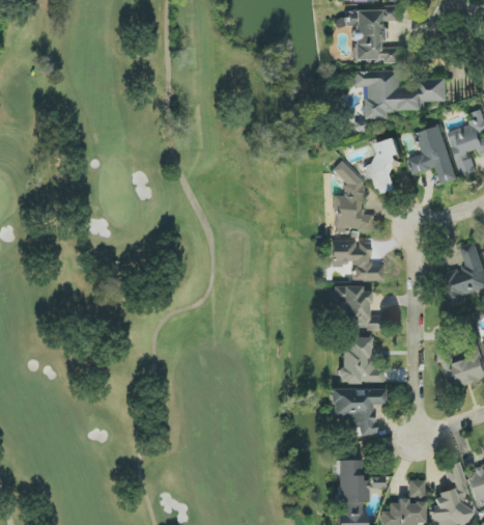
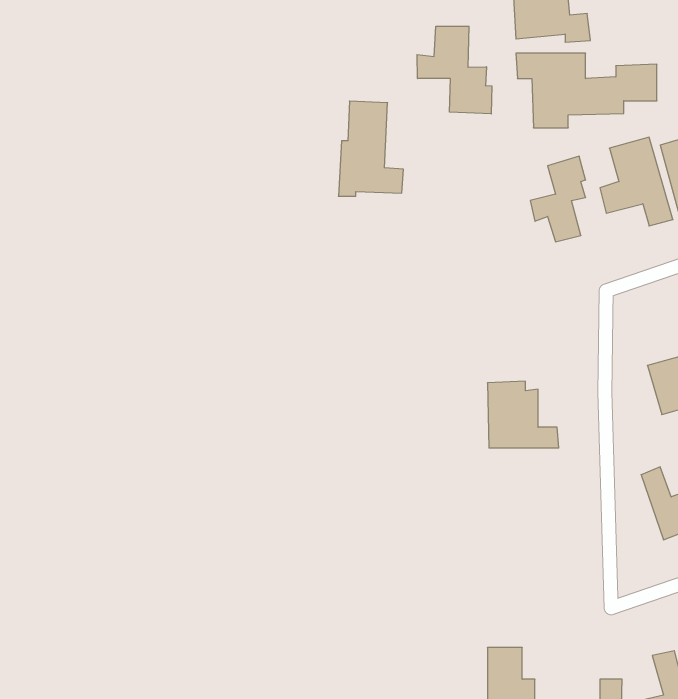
building: none -> [417,26,492,114]
building: [334,170,376,232] -> [338,101,403,196]
building: [331,240,383,280] -> none
building: [341,337,385,383] -> none
building: [332,389,385,436] -> none

